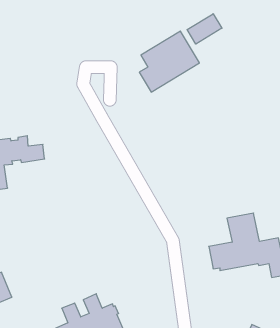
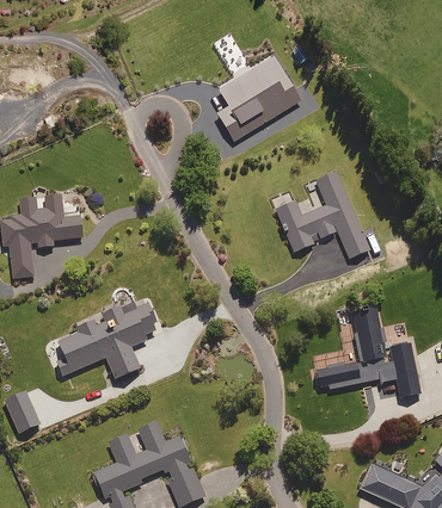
building: [187,14,222,44] -> none
building: none -> [276,171,372,266]
building: none -> [55,302,155,379]

